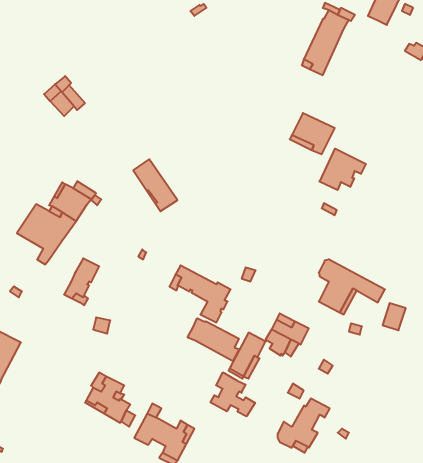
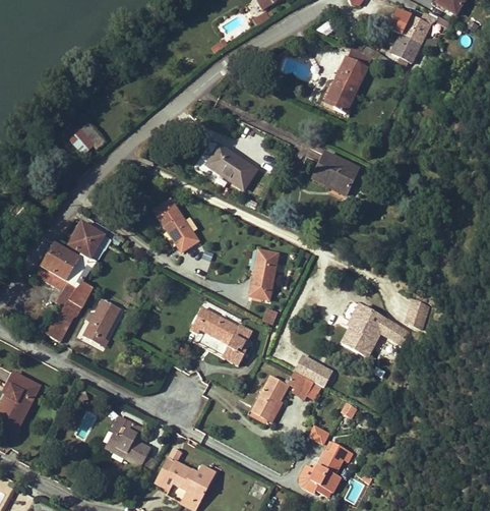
building: none -> [206,145,255,188]
building: [319,149,366,190] -> none
building: none -> [249,249,278,299]
building: none -> [45,281,91,341]
building: [383,303,406,330] -> [405,299,428,327]
building: [188,318,239,361] -> none
building: [211,372,255,416] -> none

